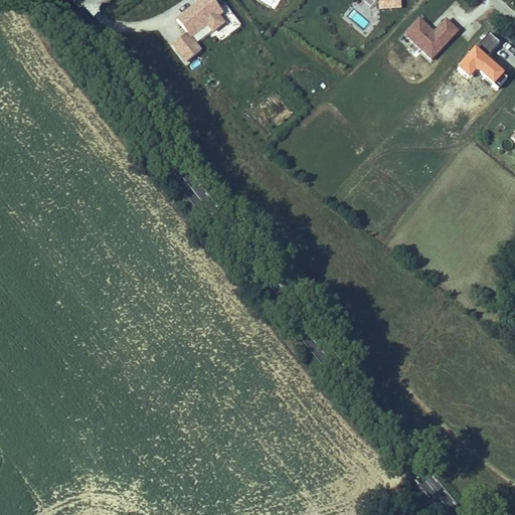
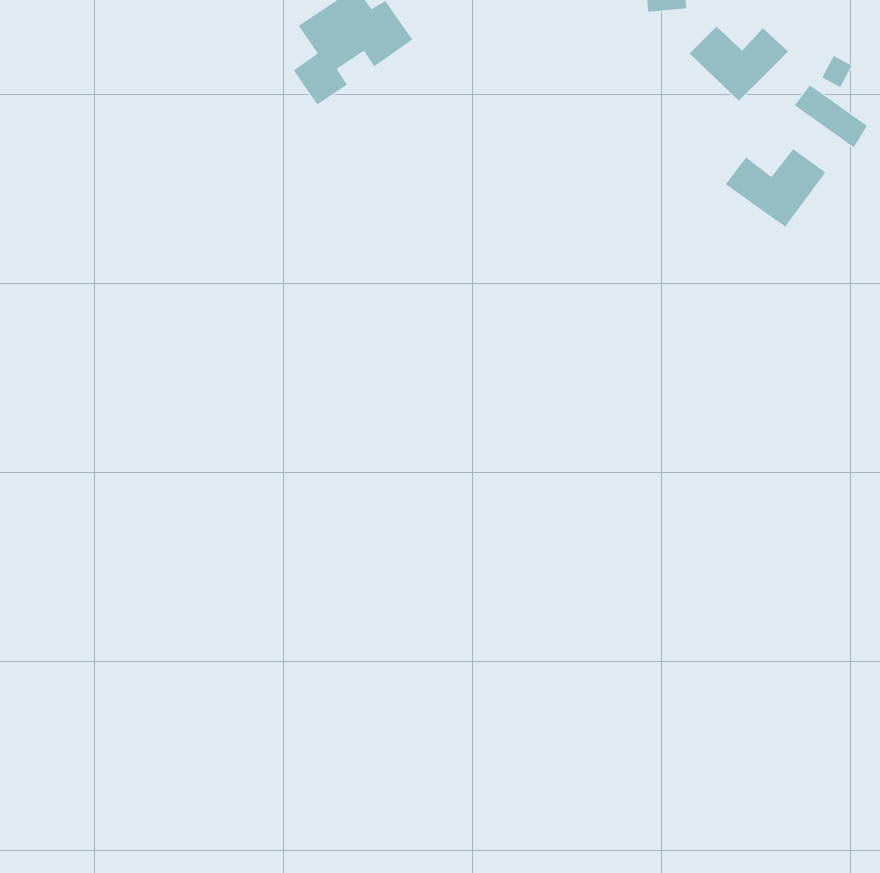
building: none -> [725,148,826,227]

